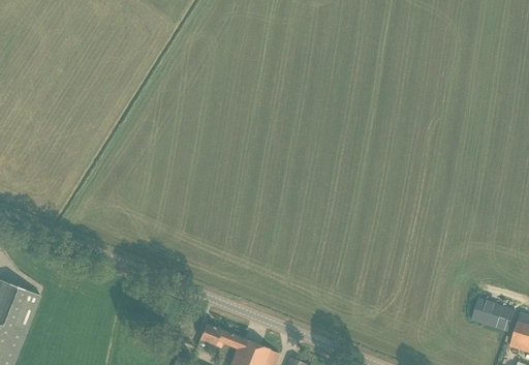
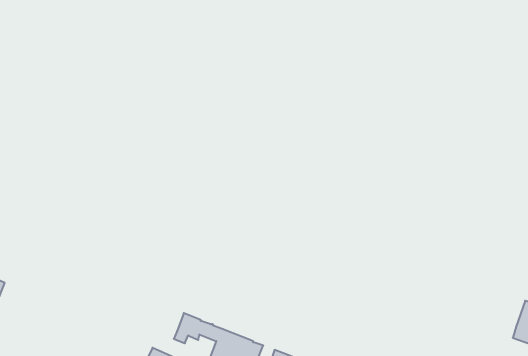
building: [470,297,515,333] -> none

